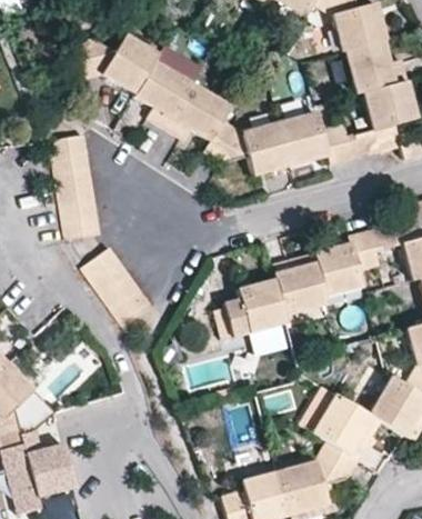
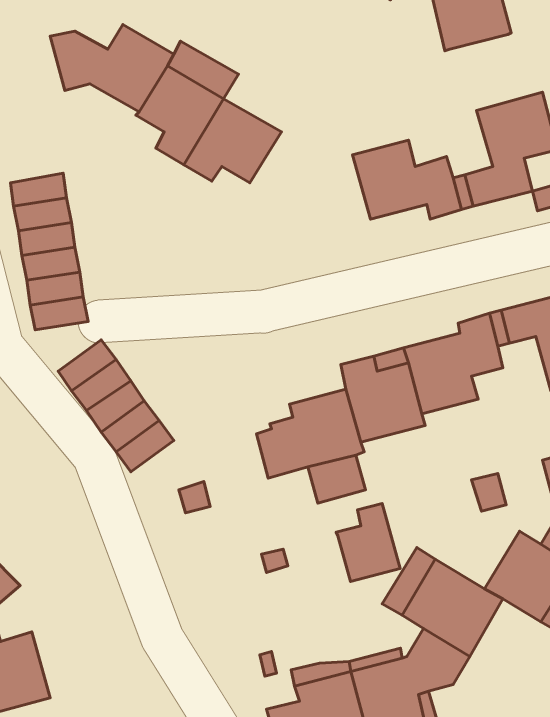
building: [345,41,408,93] -> none
building: [204,121,292,176] -> none
building: none -> [336,503,400,581]

